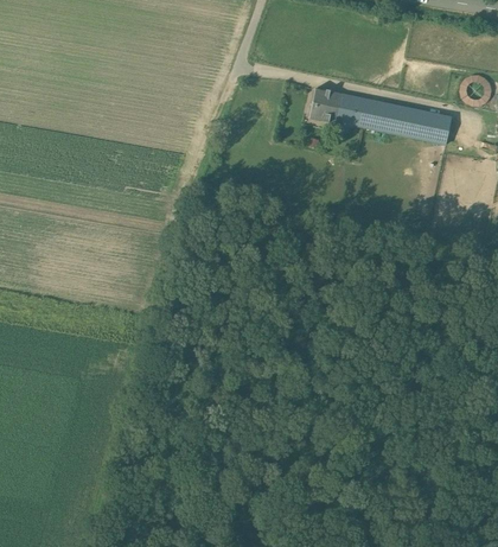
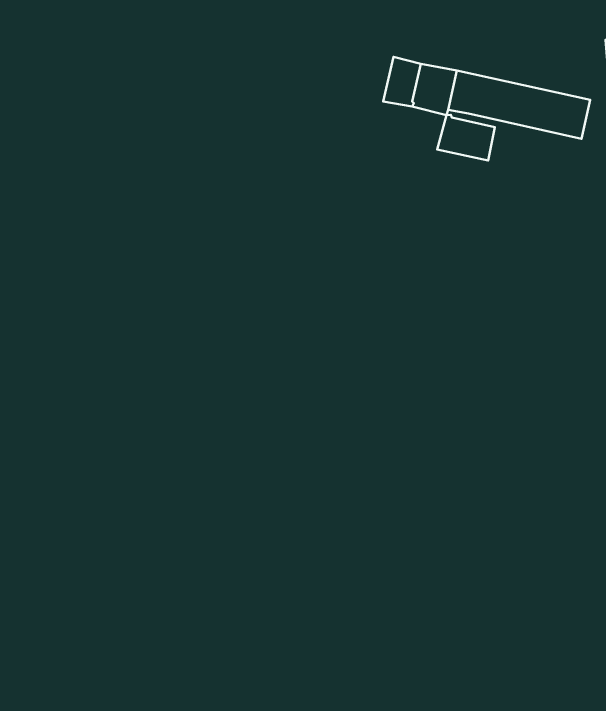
building: none -> [437,115,495,161]

